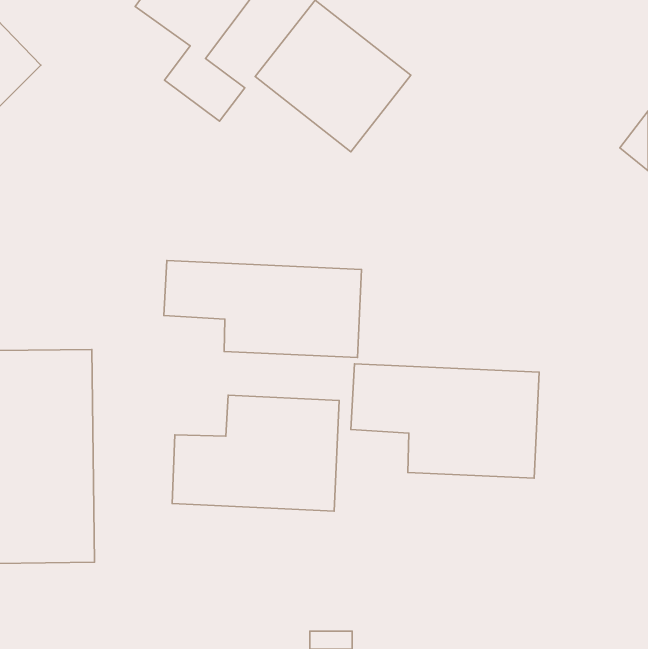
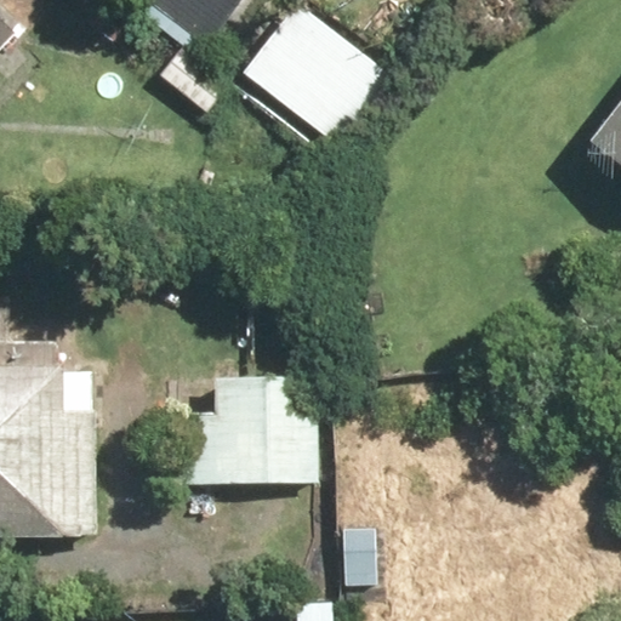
building: [164,261,362,358] -> none
building: [351,364,539,478] -> none

